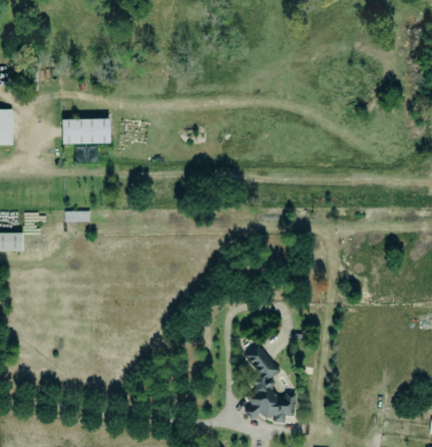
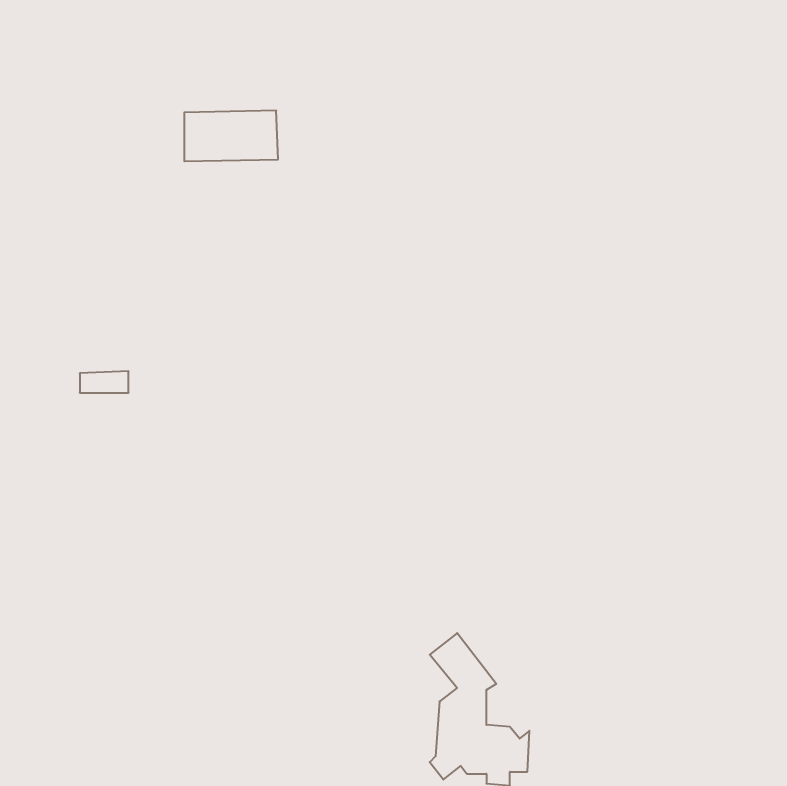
building: [62,118,110,144] -> [184,111,278,161]

